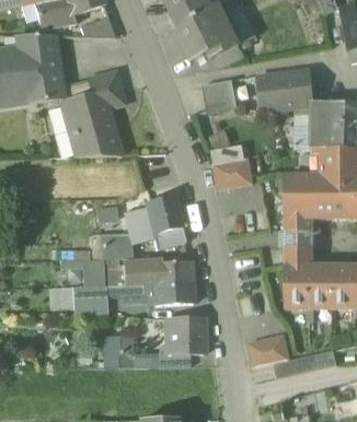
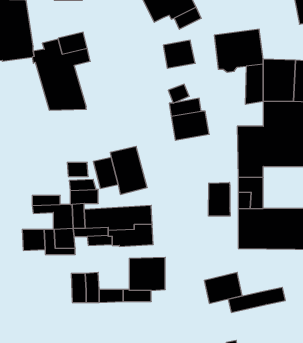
building: none -> [209,182,230,216]

